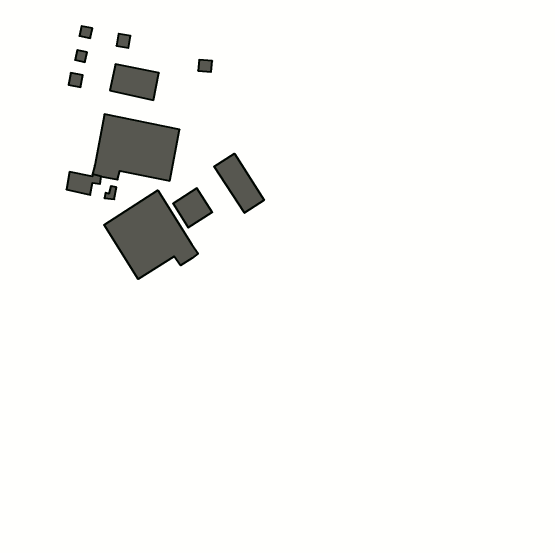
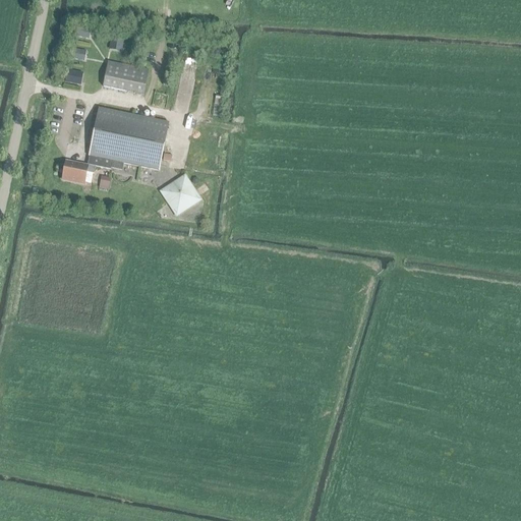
building: [214,154,264,213] -> none
building: [104,190,198,279] -> none

